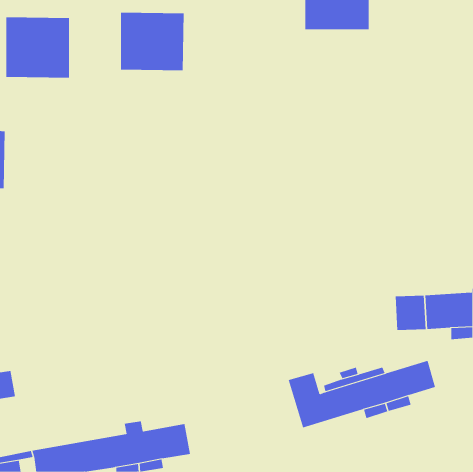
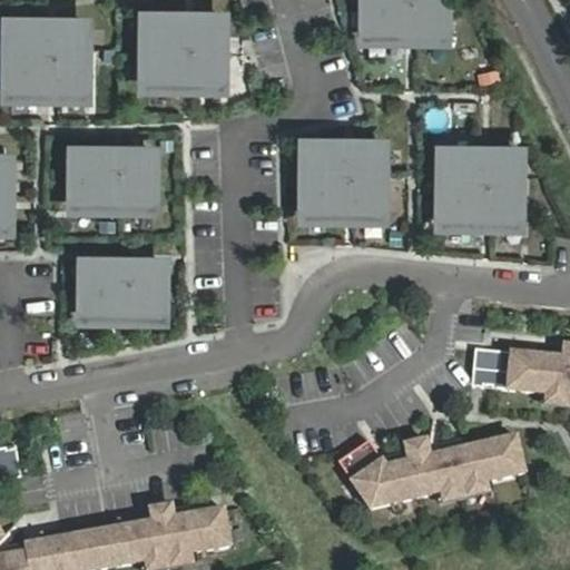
building: none -> [303,141,380,215]
building: none -> [72,148,150,204]
building: none -> [440,148,517,223]
building: none -> [81,261,160,315]

